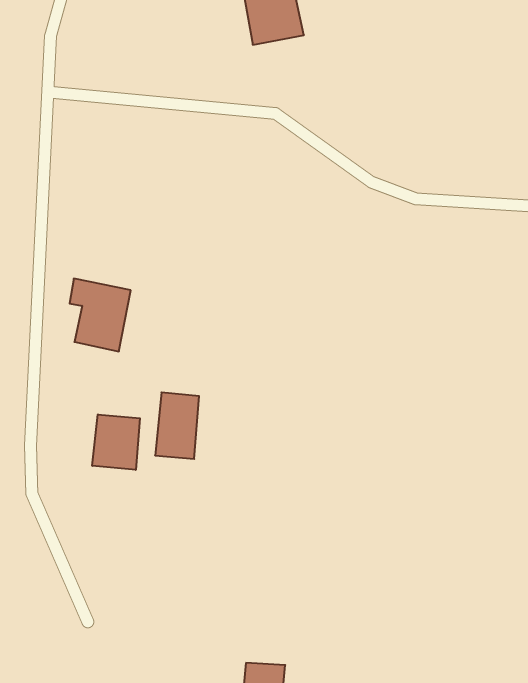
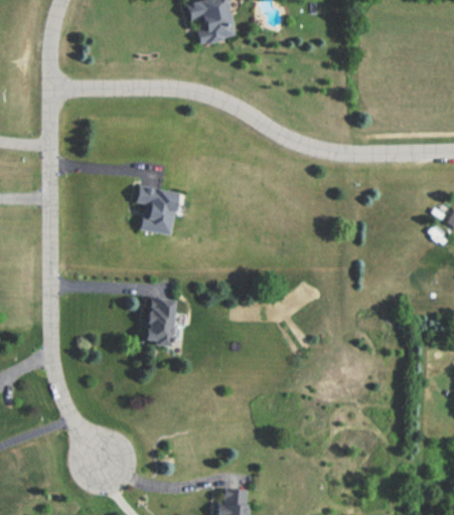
building: [70,279,131,351] -> [135,185,178,235]
building: [92,414,140,470] -> none

